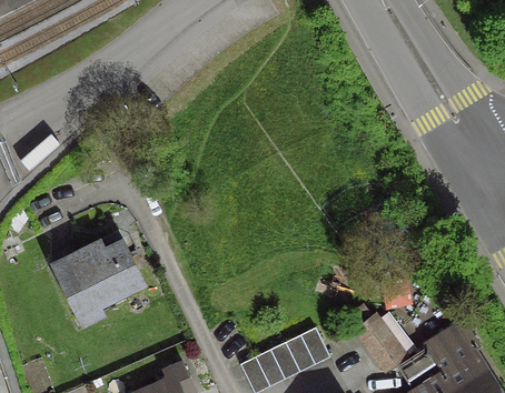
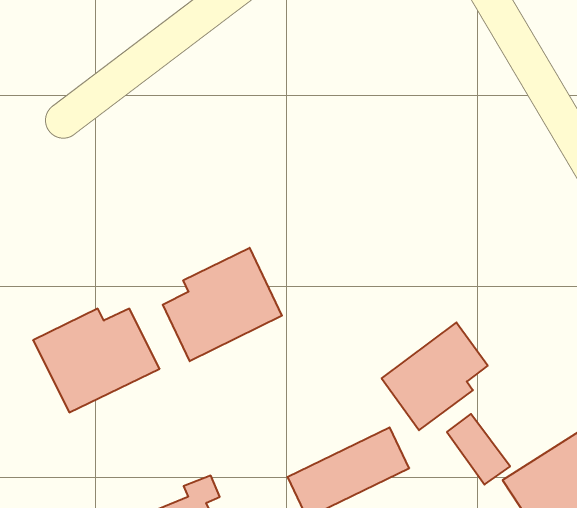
building: none -> [163,248,282,361]
building: none -> [382,322,488,430]

